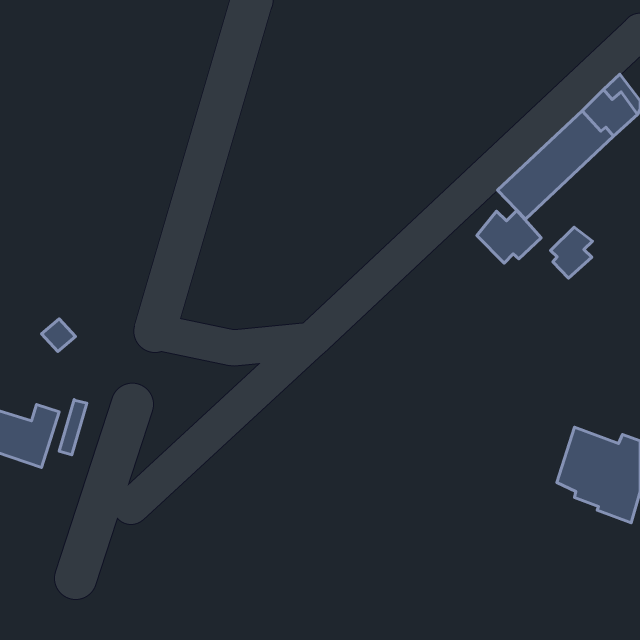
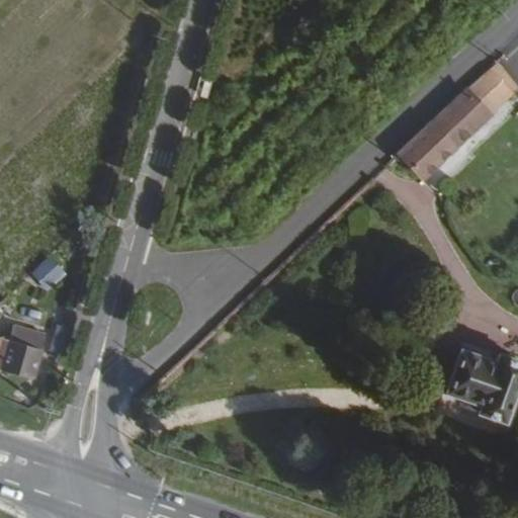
building: [477,210,541,263] -> none
building: [550,227,592,278] -> none

